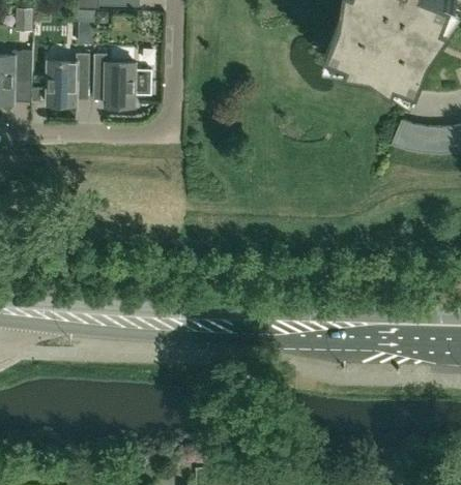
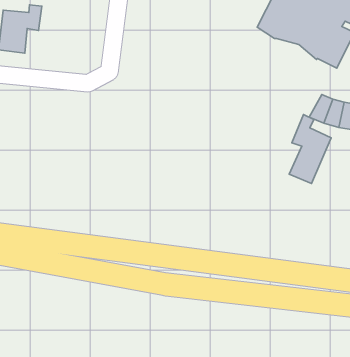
building: [93,55,152,108] -> none
building: none -> [289,115,331,184]

